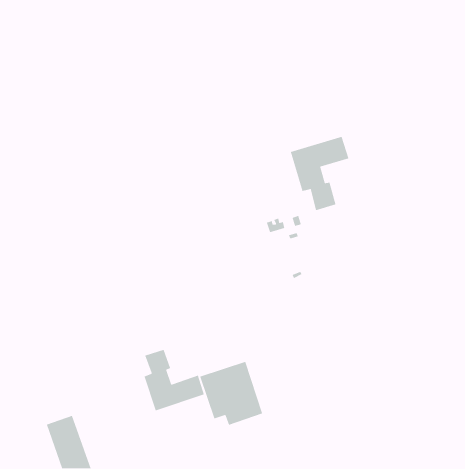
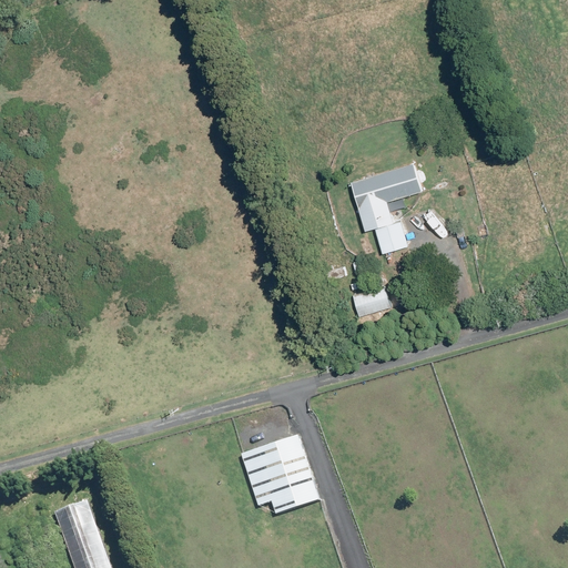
building: none -> [352,285,392,317]
building: [144,349,205,411] -> none

